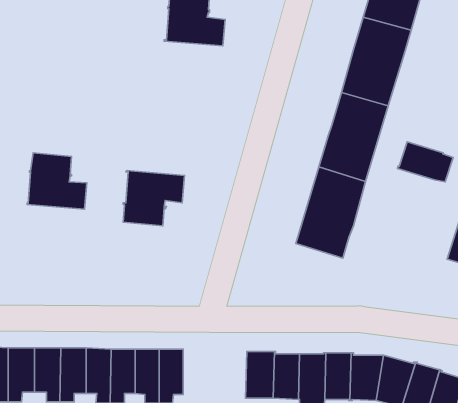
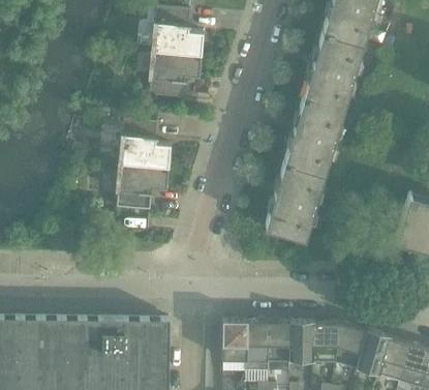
building: none -> [150,55,203,101]
building: [397,142,453,182] -> none
building: [27,153,87,209] -> [120,122,172,171]

